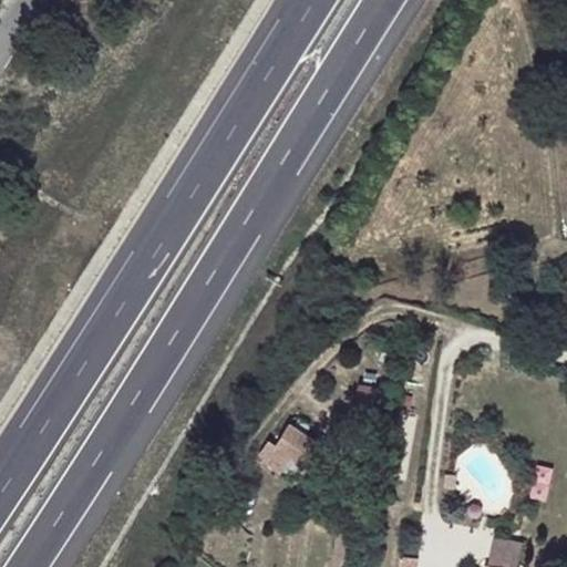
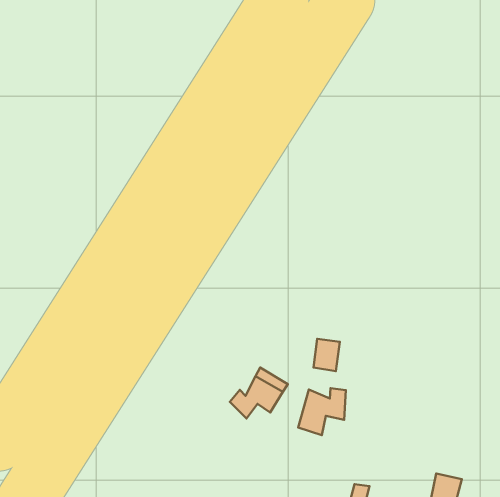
building: none -> [298,388,346,435]

